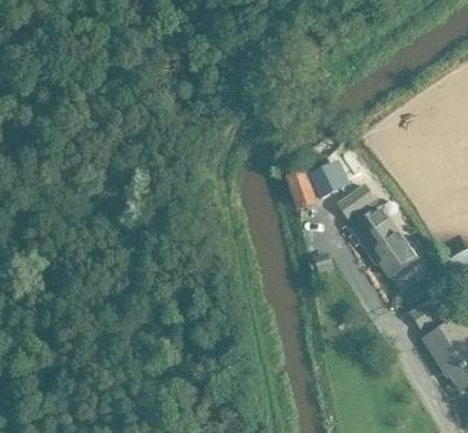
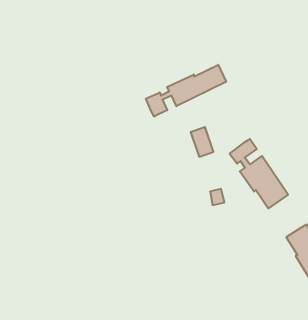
building: none -> [146,65,226,117]
building: [311,165,342,199] -> none

